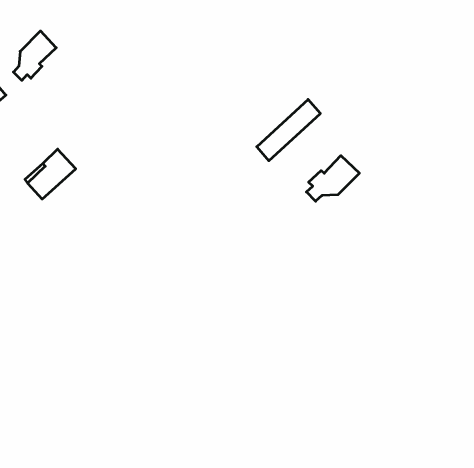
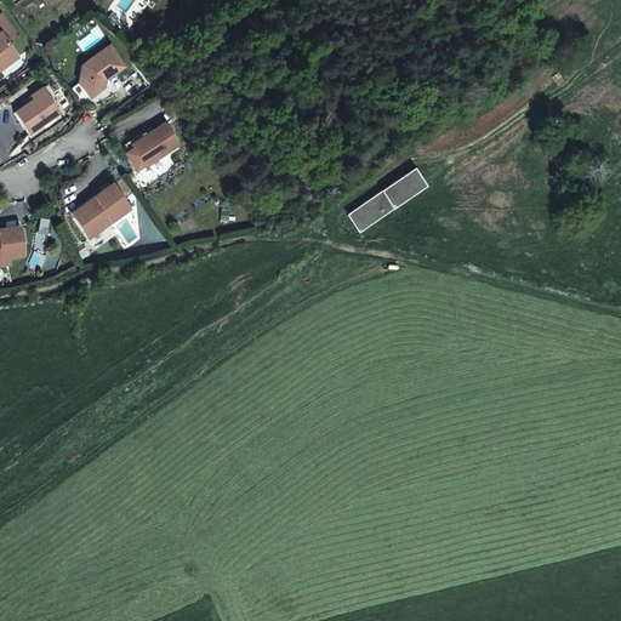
building: none -> [132,123,181,167]
building: [306,156,359,201] -> none

